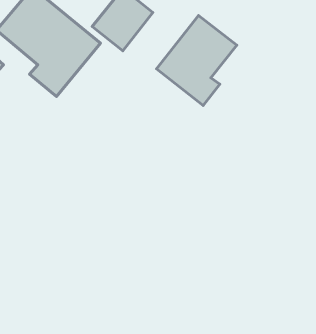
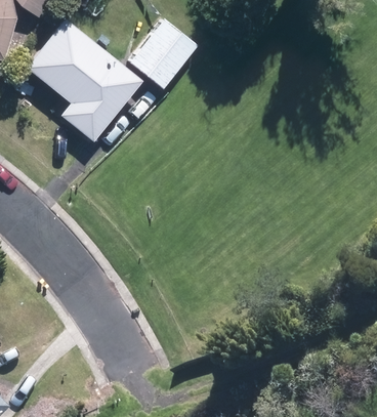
building: [156,16,237,106] -> none

